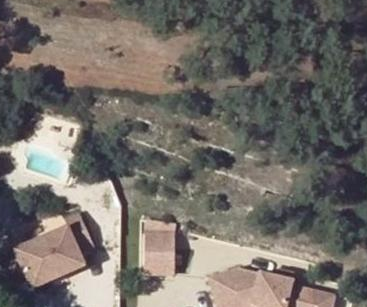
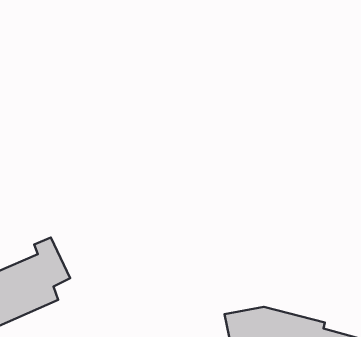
building: [144,231,174,271] -> none

